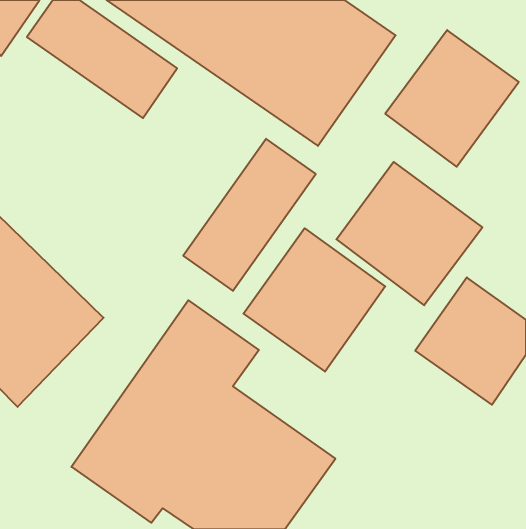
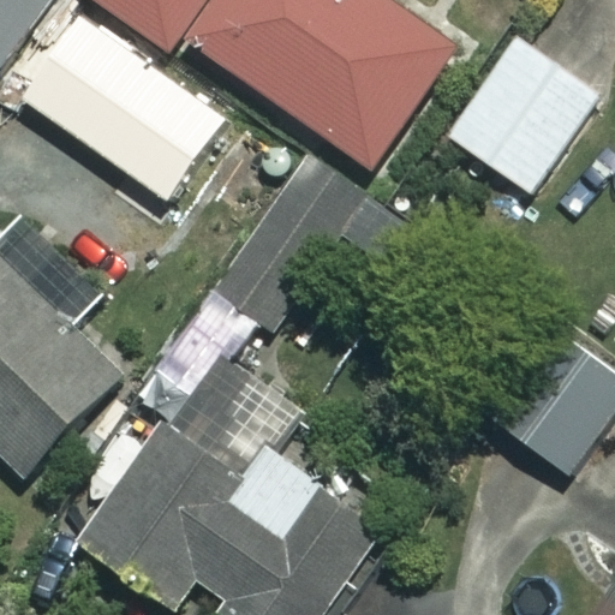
building: [336,162,482,305] -> none
building: [243,228,385,372] -> none

